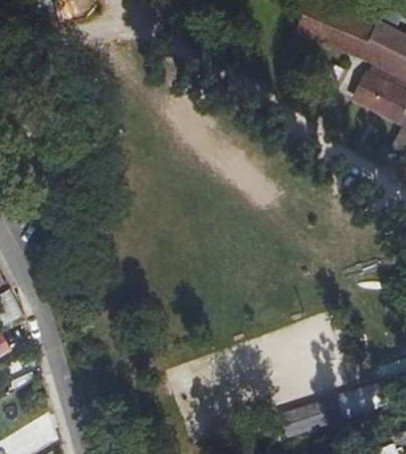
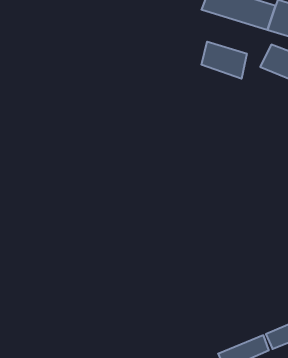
building: none -> [201,42,247,79]

